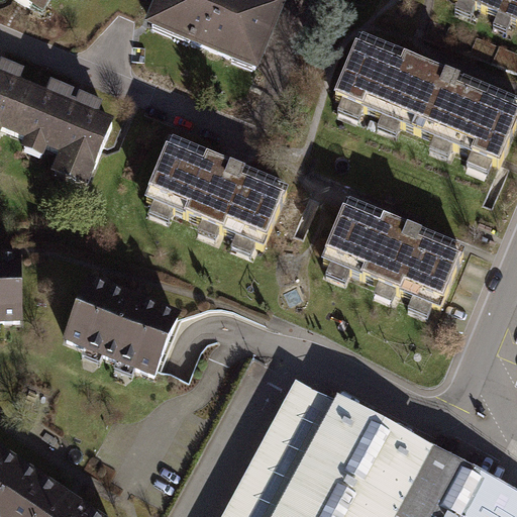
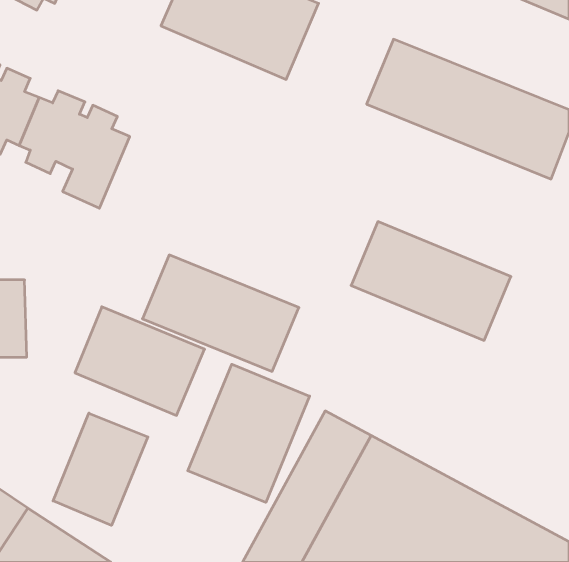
building: [142,139,284,244] -> [142,255,299,371]
building: none -> [188,364,310,502]
building: none -> [53,413,148,525]

